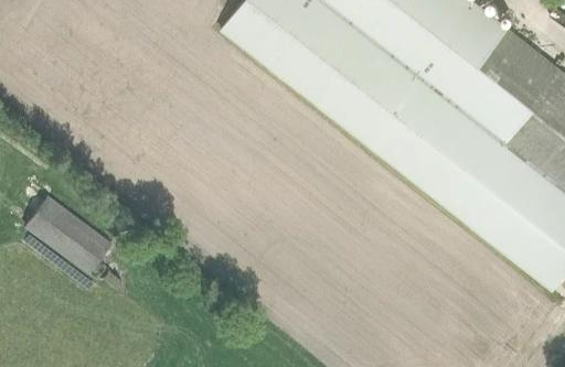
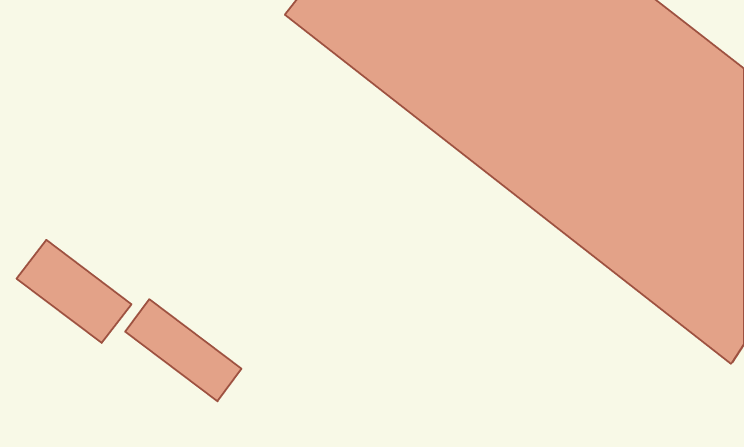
building: none -> [125,299,241,401]

